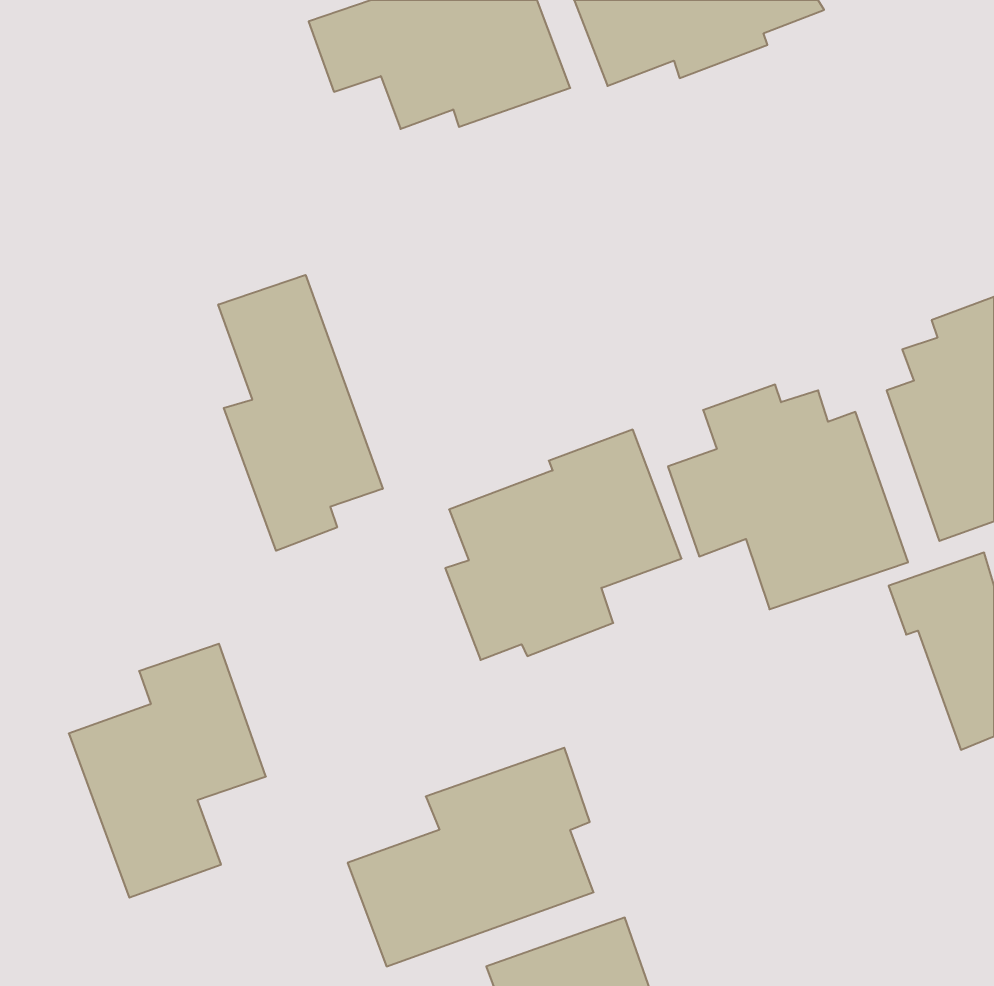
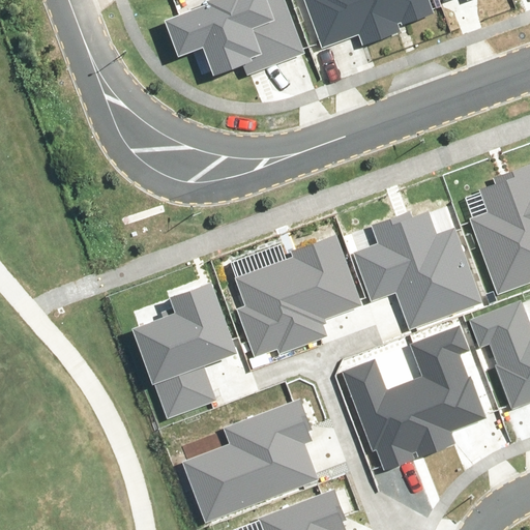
building: [218,275,383,551] -> none
building: none -> [344,326,487,468]
building: [69,644,266,898] -> [135,281,239,415]

